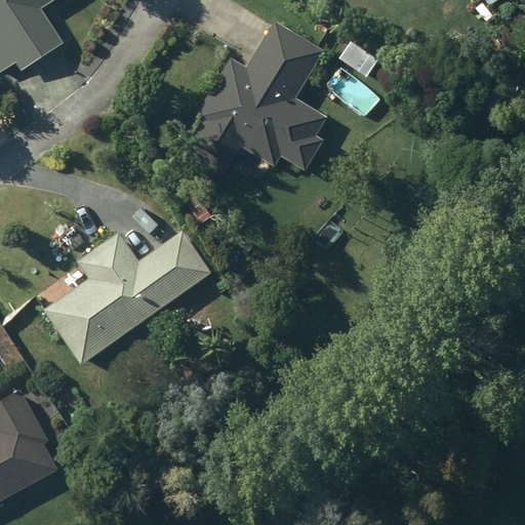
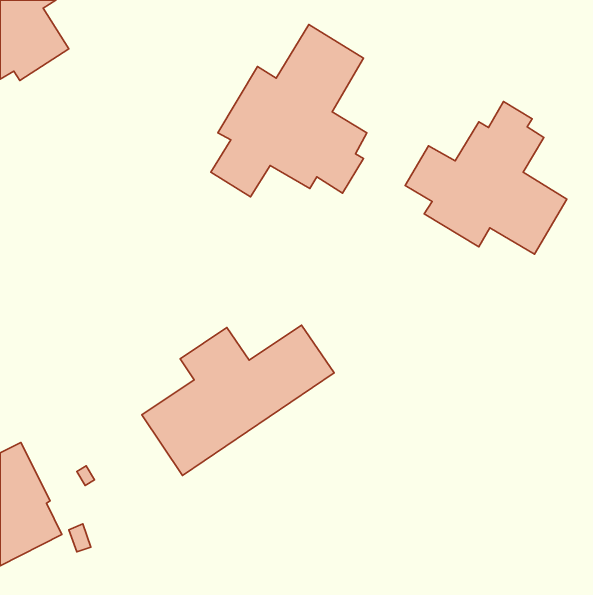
building: none -> [405,101,567,254]
building: [42,232,211,364] -> [142,325,334,475]

